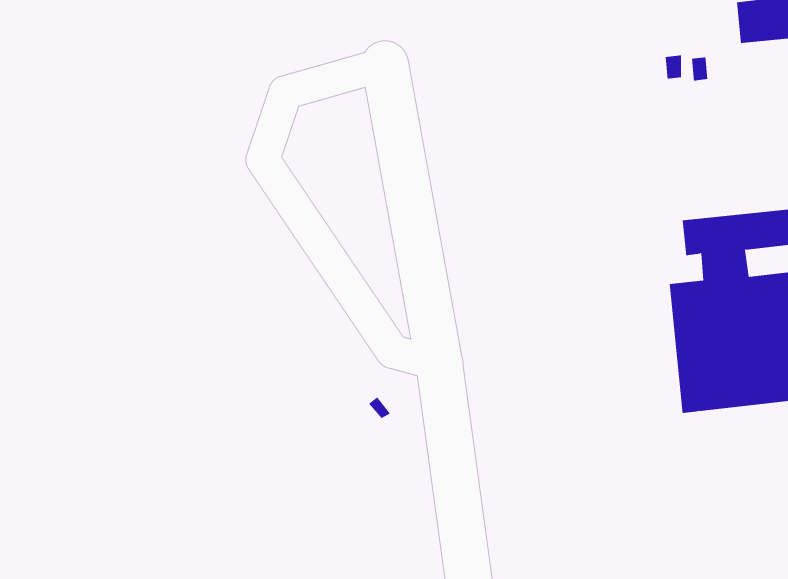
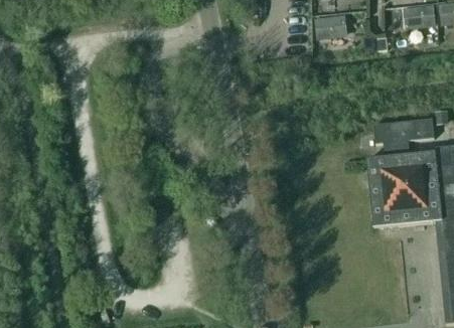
building: none -> [314,14,346,38]

